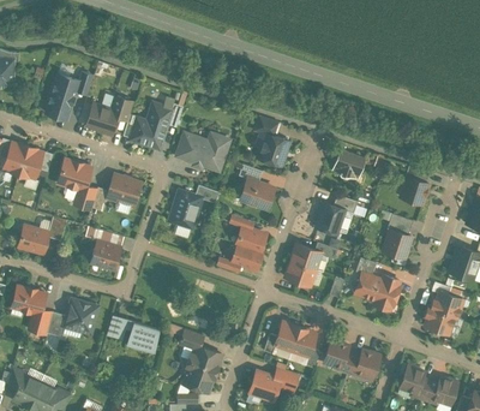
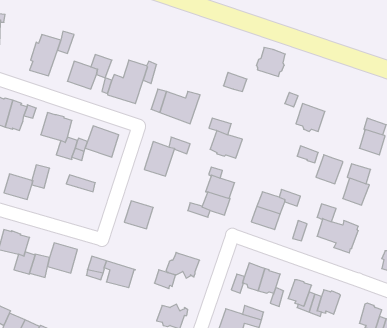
building: [257,135,288,166] -> [256,47,285,76]
building: [316,203,344,234] -> [316,155,343,184]
building: [90,240,121,270] -> [124,201,153,229]
building: [186,346,222,374] -> [166,252,200,278]

